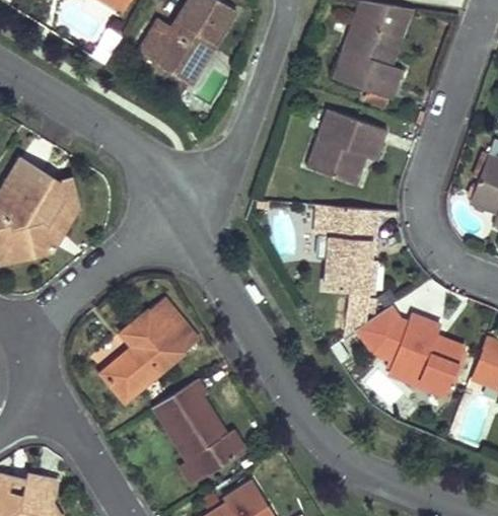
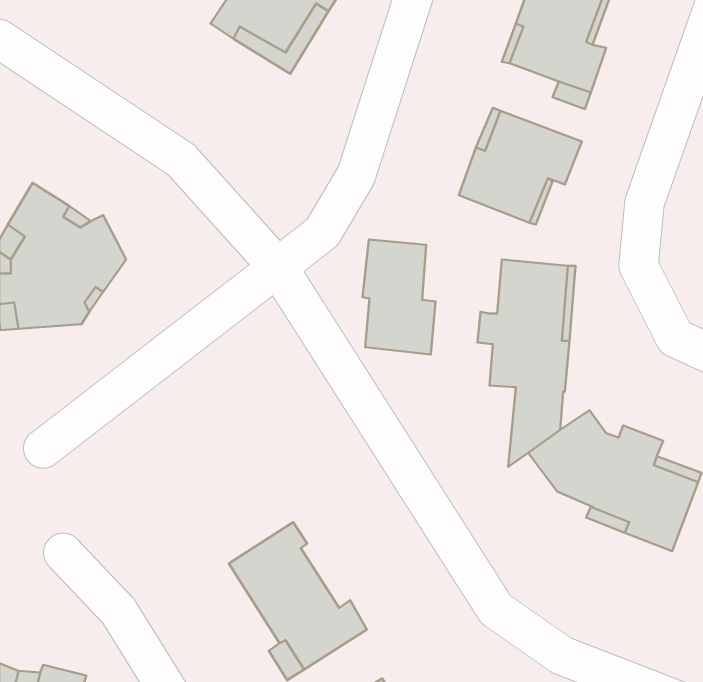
building: none -> [362,240,436,354]
building: [102,295,201,399] -> none

